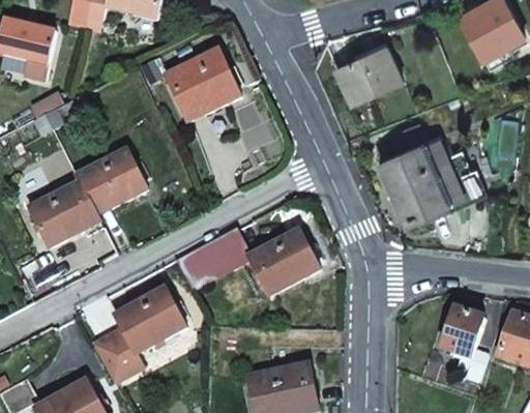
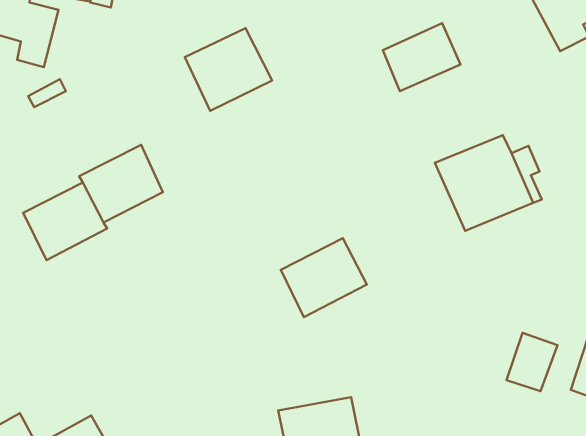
building: [176,229,244,286] -> none
building: [93,287,185,380] -> none

